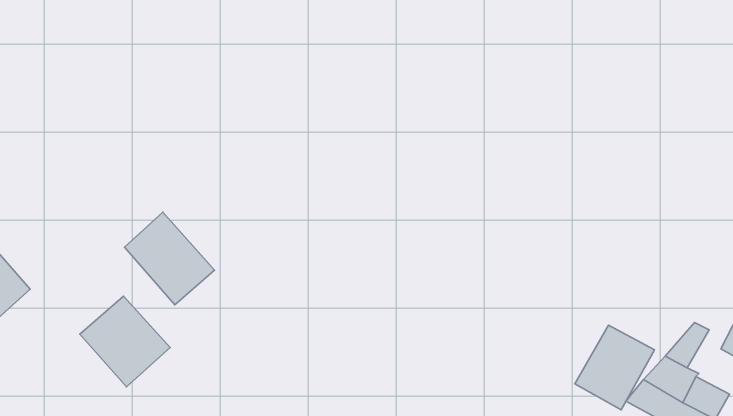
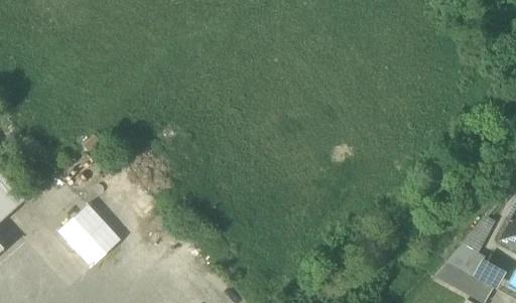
building: [125,212,215,305] -> none
building: [575,325,654,410] -> none

